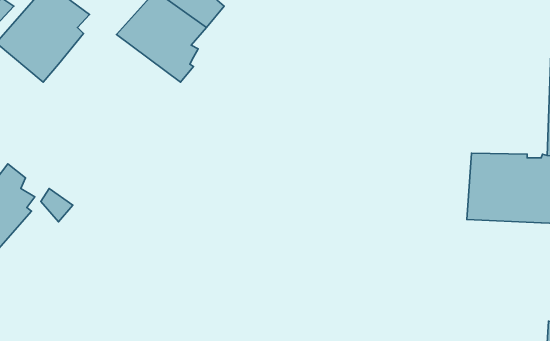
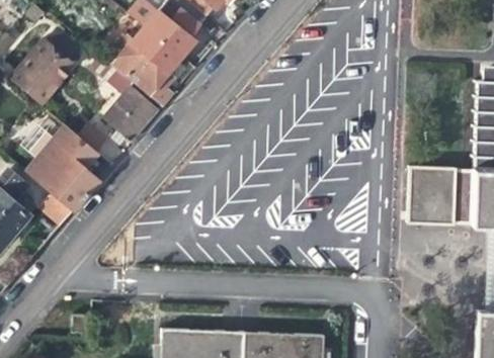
building: none -> [100,85,161,142]
building: none -> [13,112,99,211]

